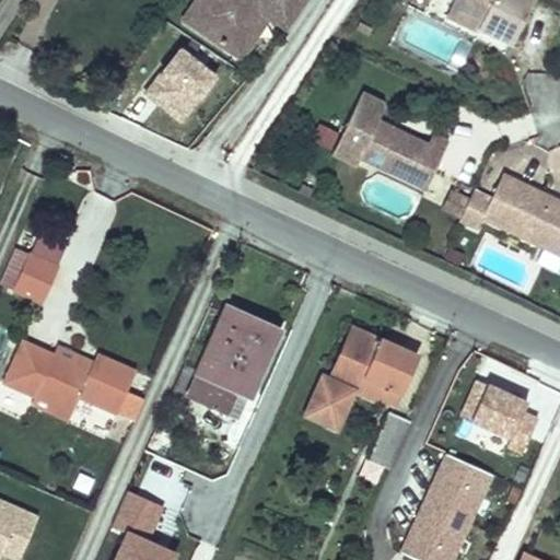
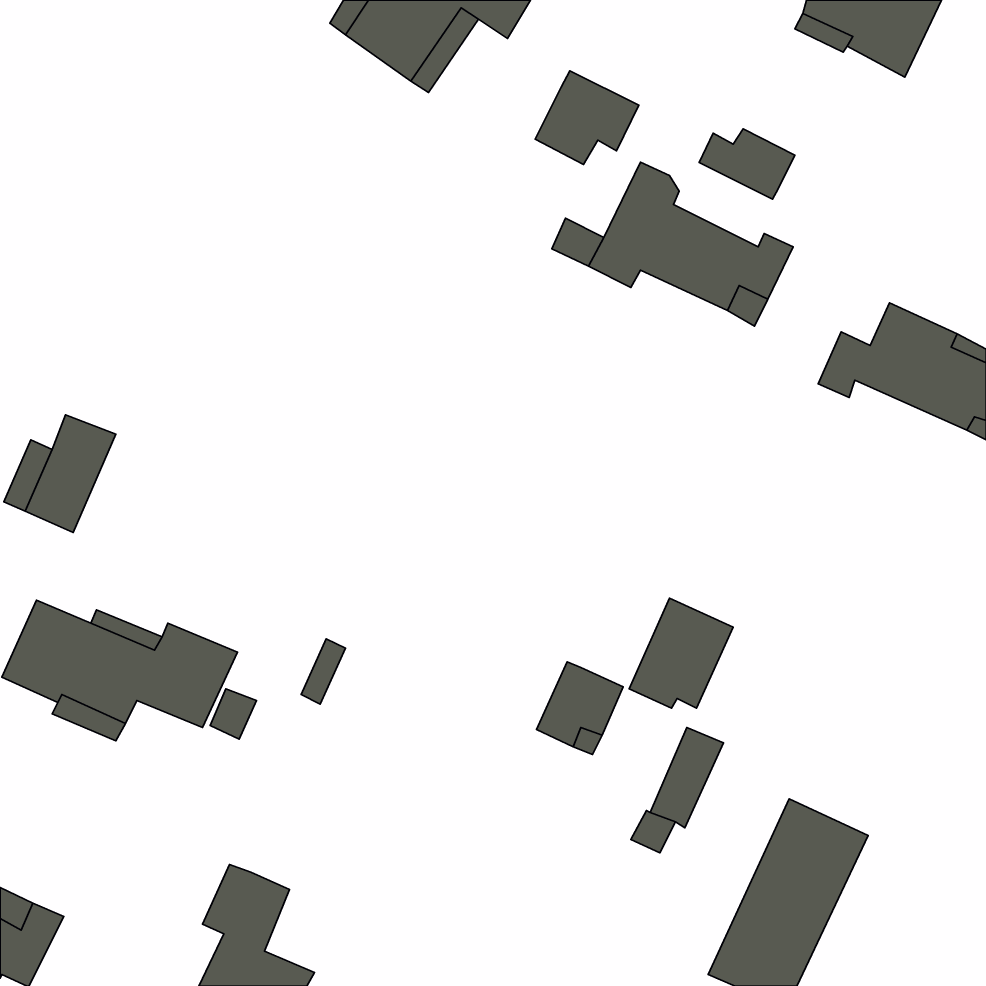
building: none -> [535,71,639,164]
building: [143,44,219,120] -> none
building: none -> [699,129,795,199]
building: [188,307,276,418] -> none
building: [329,327,380,390] -> none
building: [463,377,539,453] -> none

